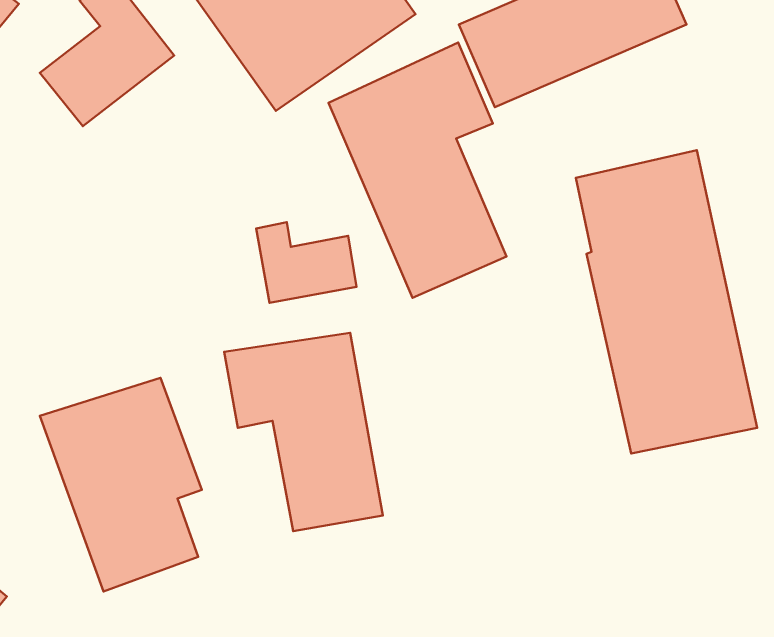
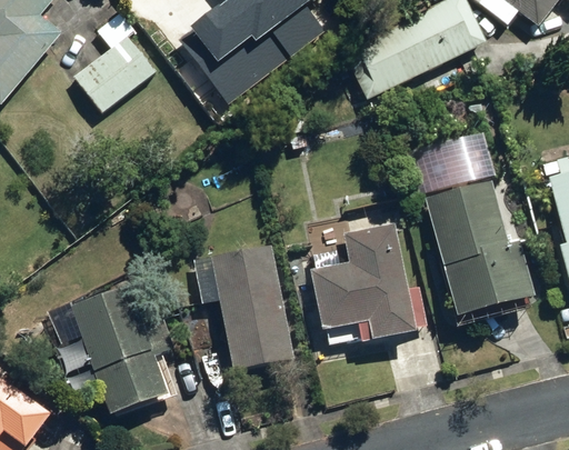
building: [328,43,506,298] -> none
building: [256,222,356,303] -> none
building: none -> [307,228,412,342]

